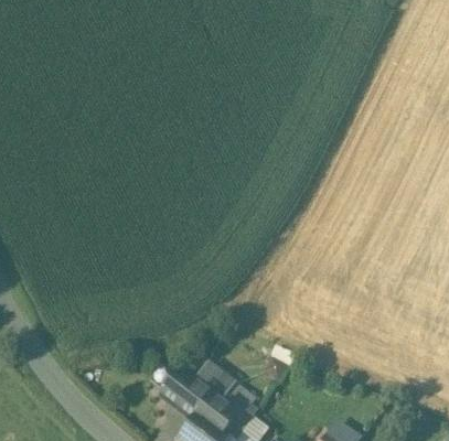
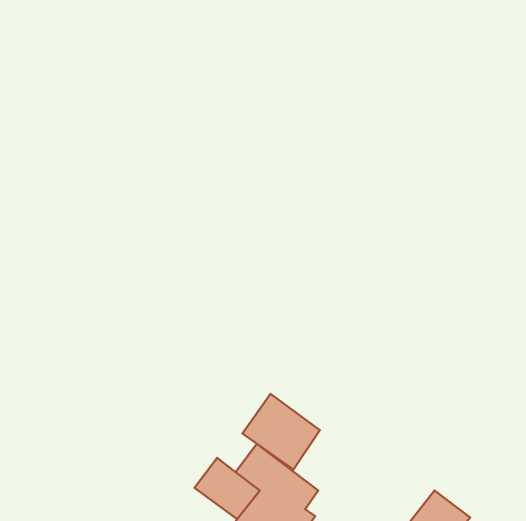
building: none -> [242,394,320,469]

